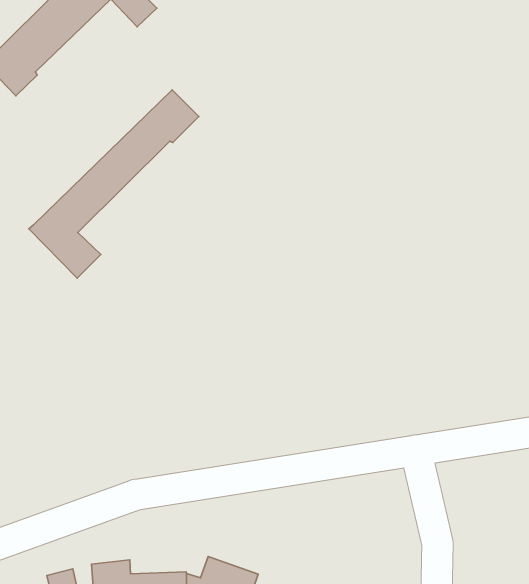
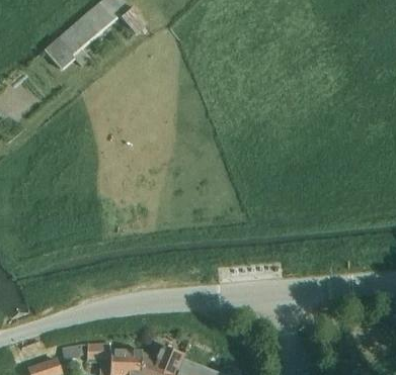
building: [29,90,199,278] -> none

